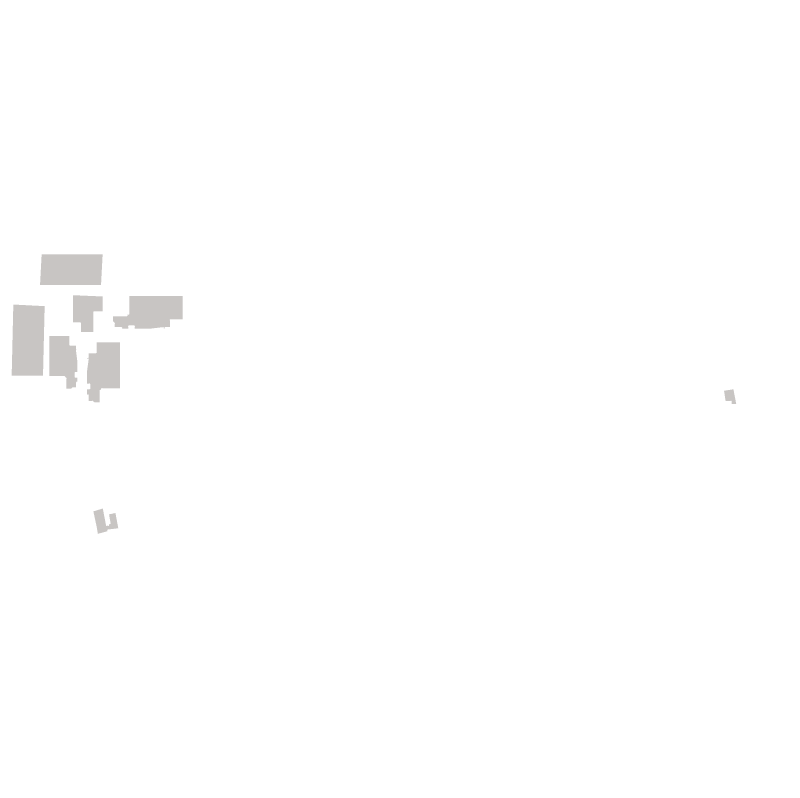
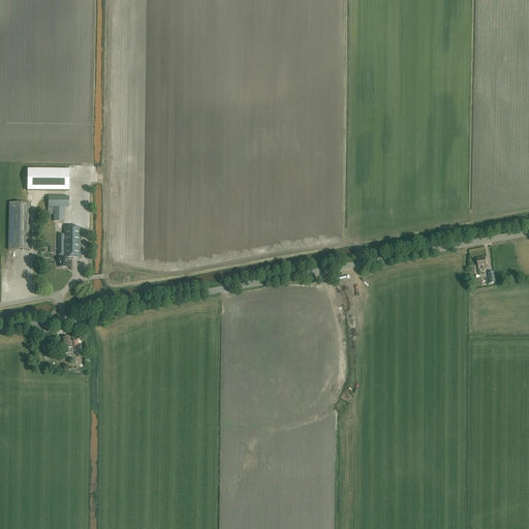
building: [112,295,183,329] -> none
building: [49,335,78,390] -> none

